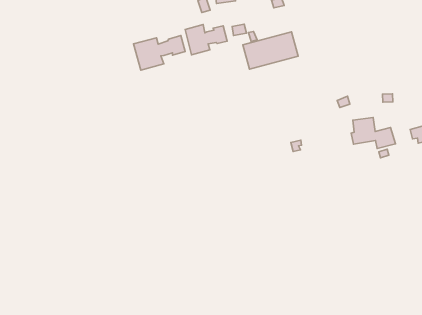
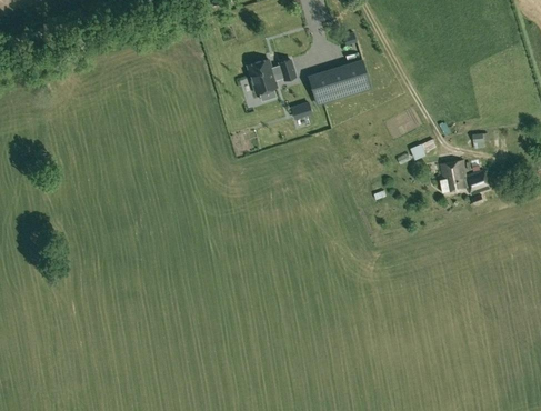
building: [134,36,185,70] -> none

